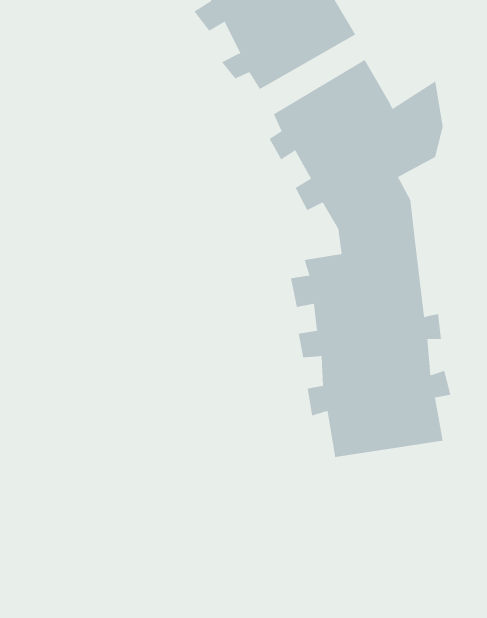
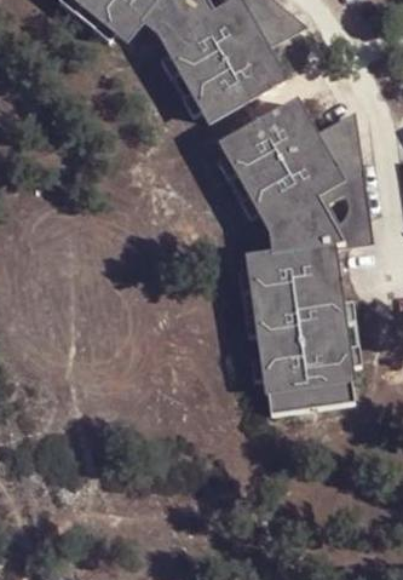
building: none -> [313,105,376,245]

